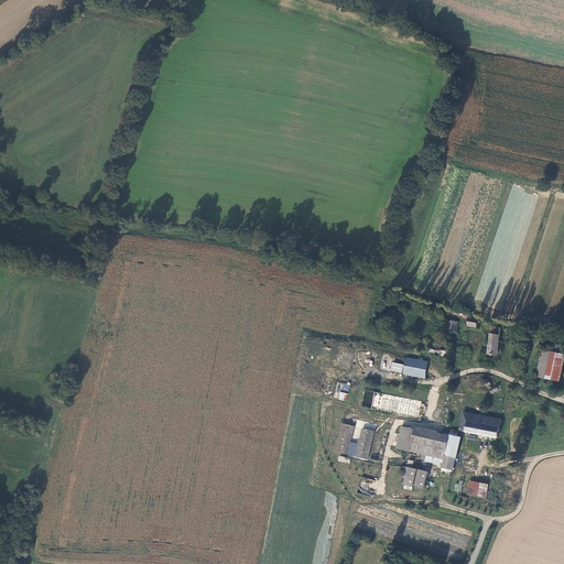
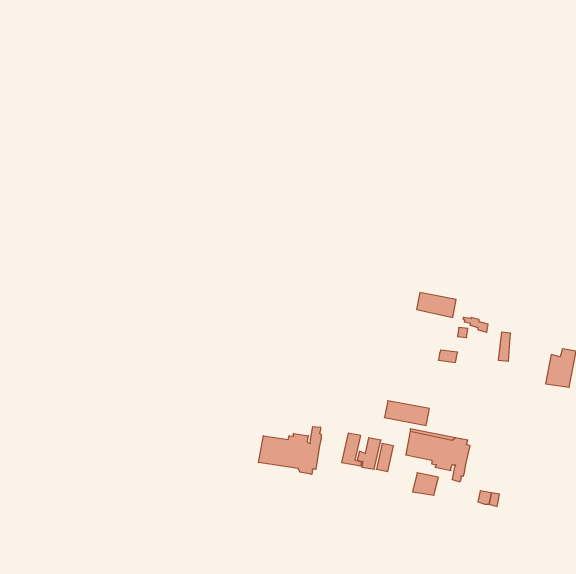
building: [389,355,427,379] -> [417,293,456,317]
building: [459,413,500,438] -> none
building: none -> [259,427,321,474]

